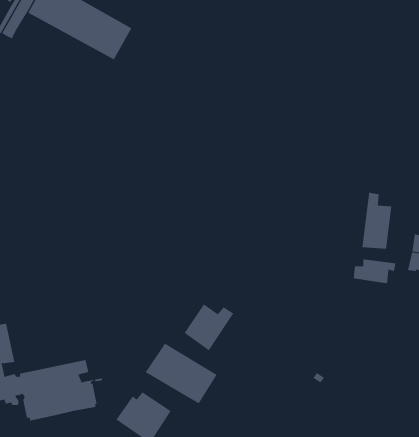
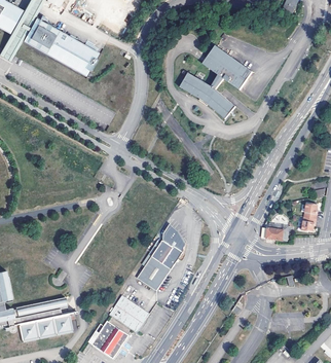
building: none -> [181,46,254,120]
building: [362,192,392,250] -> none
building: none -> [152,224,185,263]

